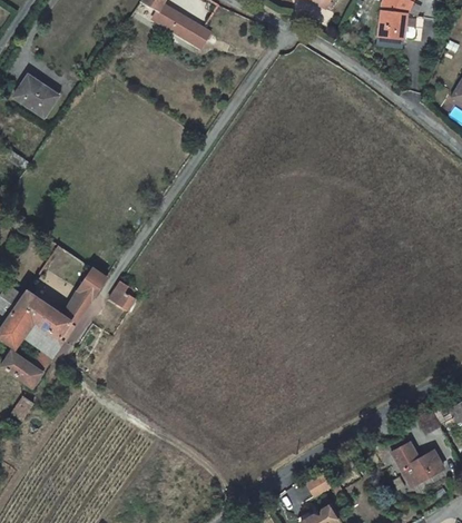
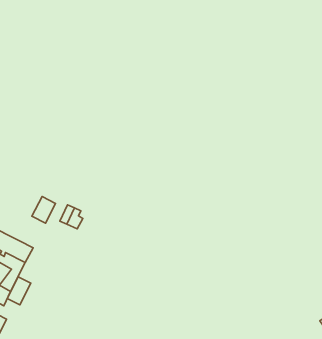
building: [60,288,92,325] -> none
building: none -> [7,277,31,305]

